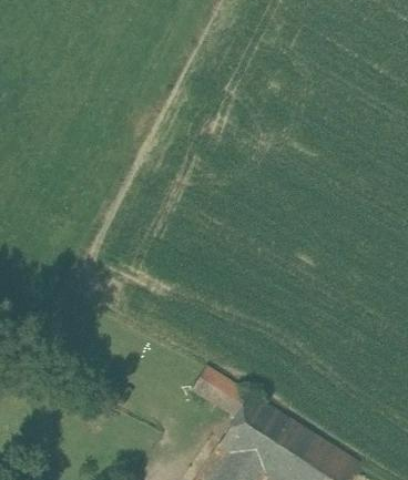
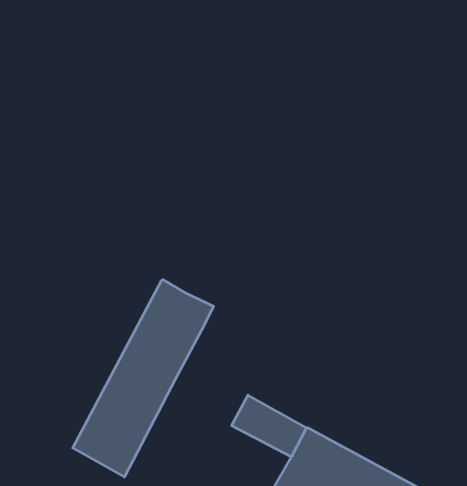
building: none -> [73,280,214,477]

